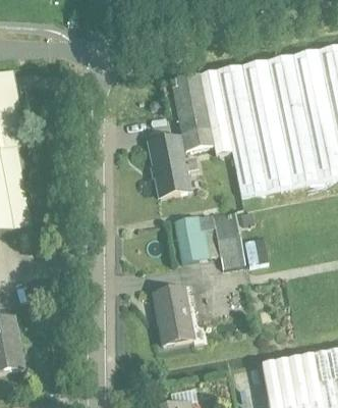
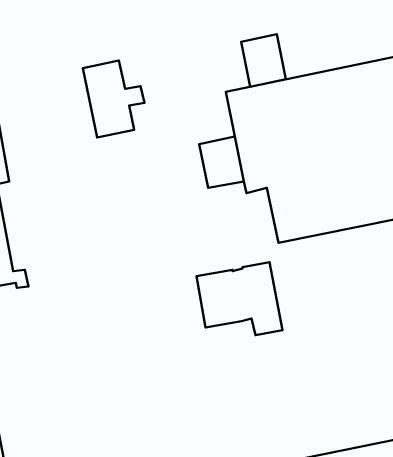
building: [171,73,207,115] -> [241,34,286,87]
building: [150,136,199,197] -> [83,61,145,137]
building: [154,287,194,344] -> none

